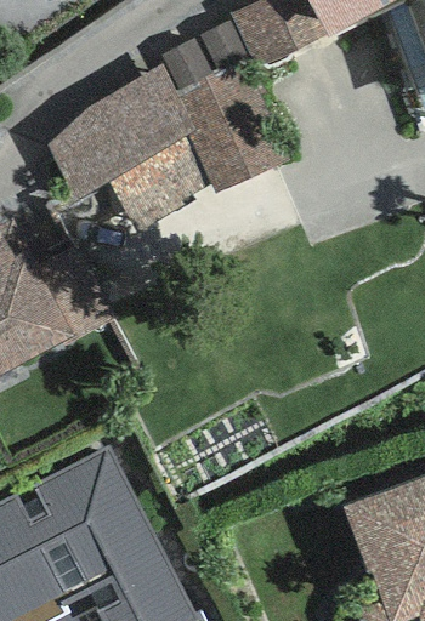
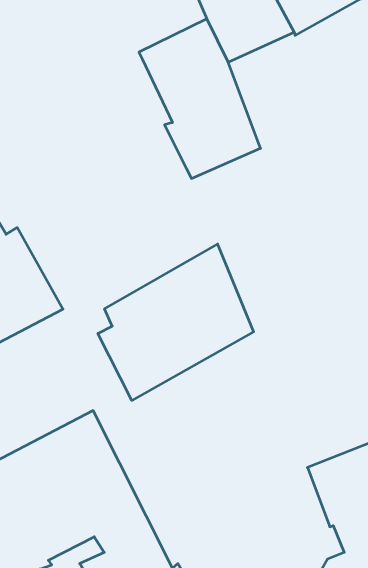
building: [44,64,209,232] -> none
building: none -> [98,244,254,400]

